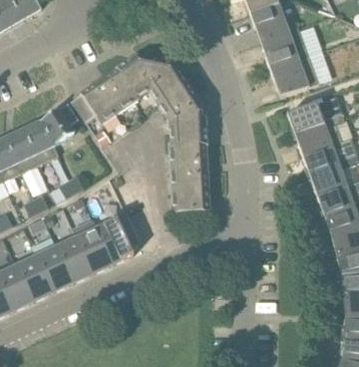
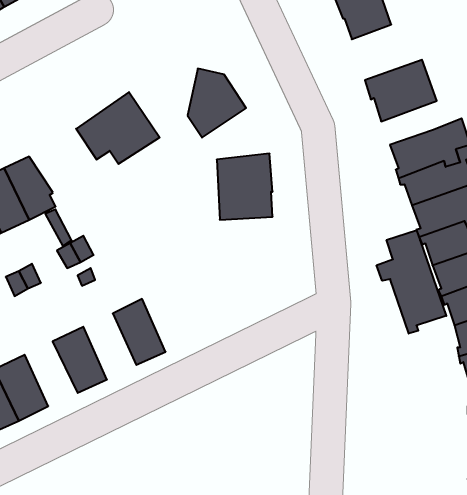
building: [261,26,309,67] -> none
building: [108,56,155,106] -> none
building: [158,86,205,121] -> none
building: [40,103,78,143] -> none
building: [170,160,209,213] -> none
building: none -> [377,230,446,334]
building: [72,218,113,272] -> none
building: [37,246,73,290] -> none

